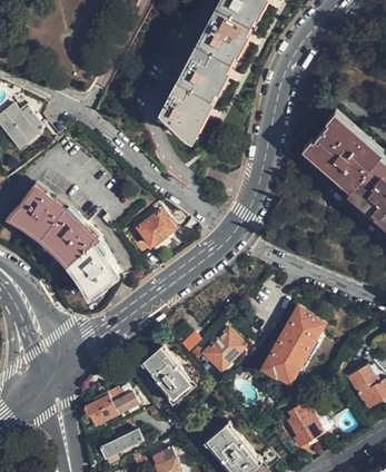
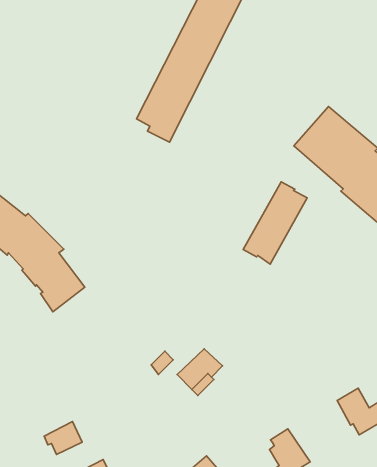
building: [131,214,172,256] -> none
building: [260,308,318,383] -> [243,182,307,264]
building: [142,353,191,404] -> none
building: [106,389,137,415] -> none

